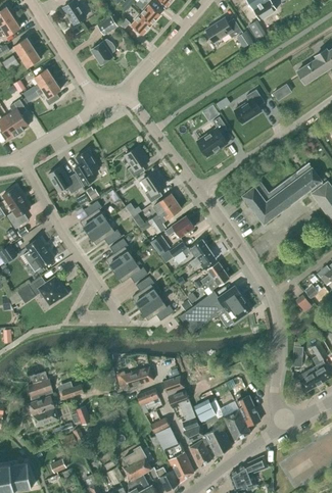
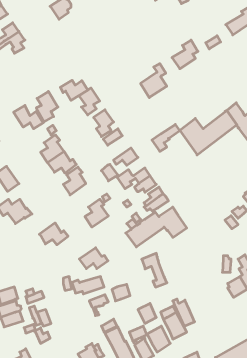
building: none -> [60,80,88,100]
building: [147,202,180,234] -> [152,124,180,151]
building: [113,258,147,284] -> [39,223,68,245]
building: [139,296,173,321] -> [79,248,108,269]
building: [168,390,197,430] -> [142,253,167,287]

